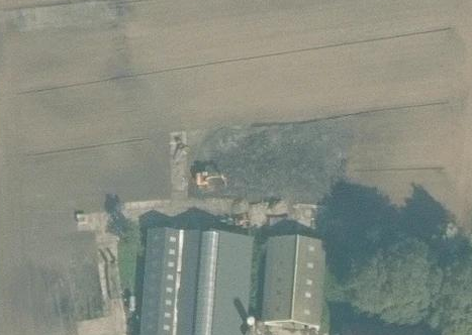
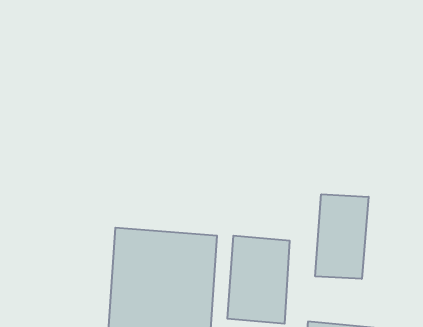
building: none -> [315,194,369,279]

